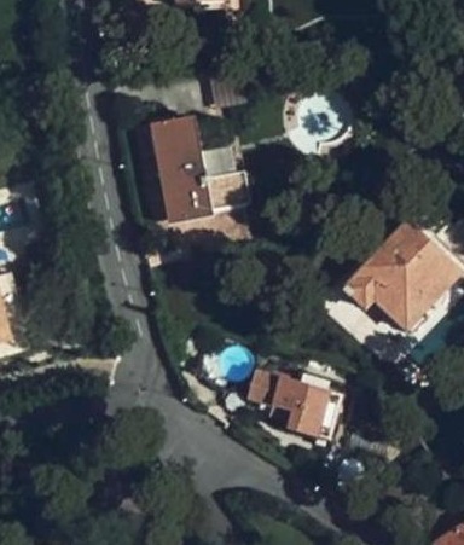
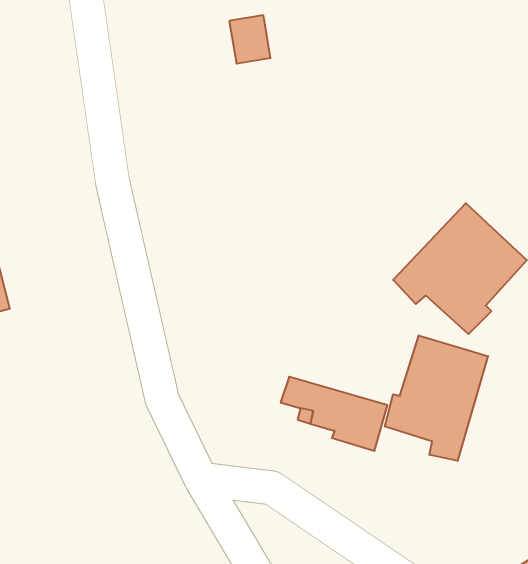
building: [149,117,248,222] -> none
building: none -> [385,335,488,461]

